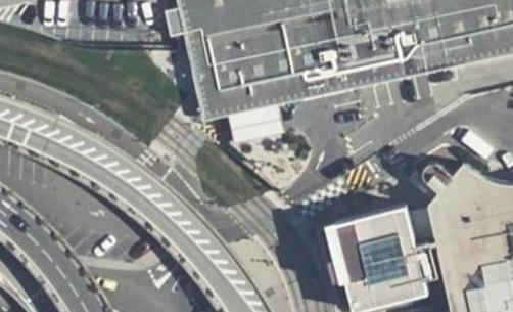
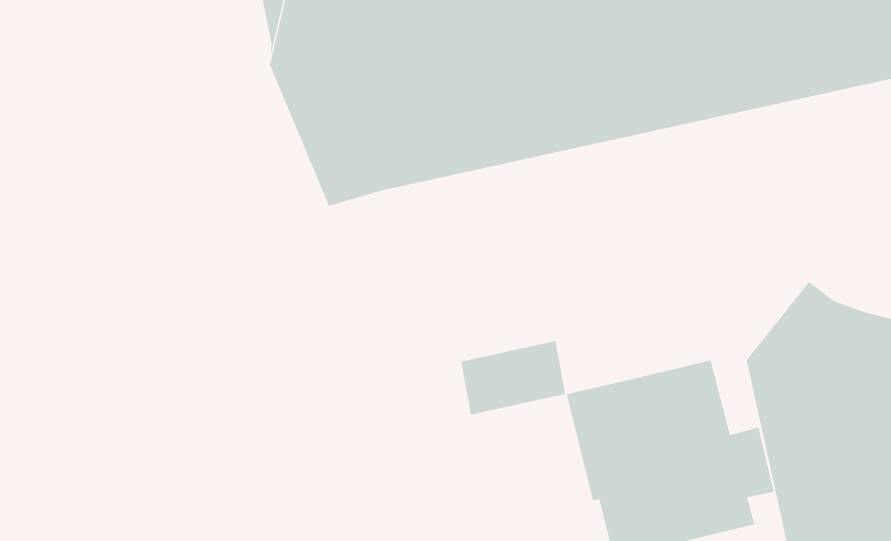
building: [232,102,288,142] -> [460,341,566,415]

